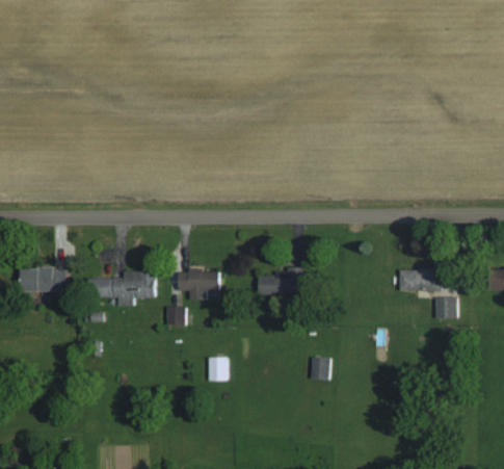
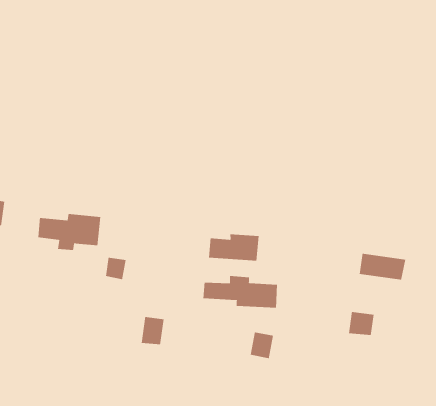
building: [178,270,219,301] -> none
building: [434,297,456,318] -> [348,311,374,336]
building: none -> [203,275,278,309]

